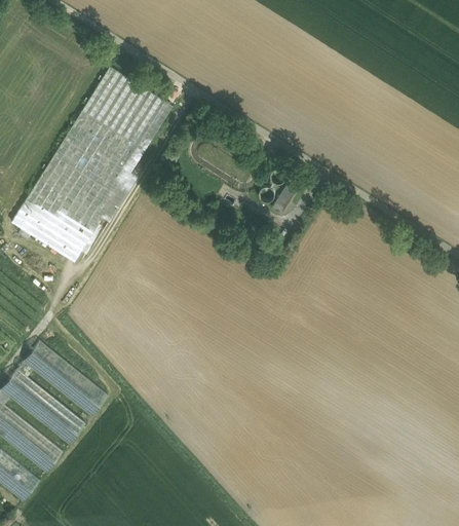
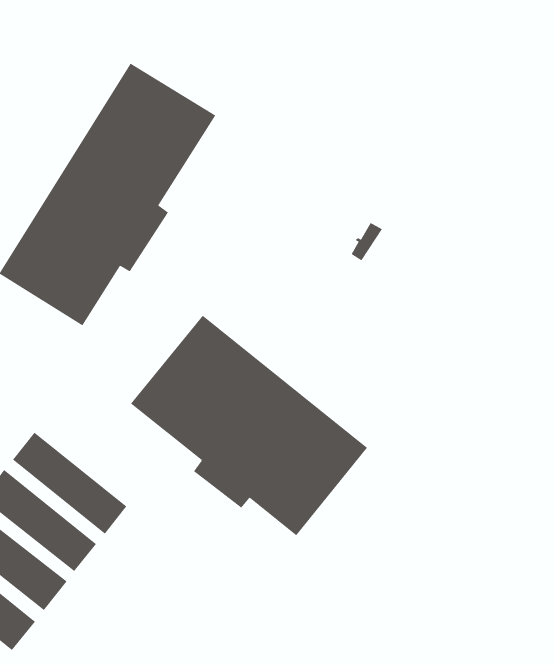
building: none -> [130,315,368,536]

